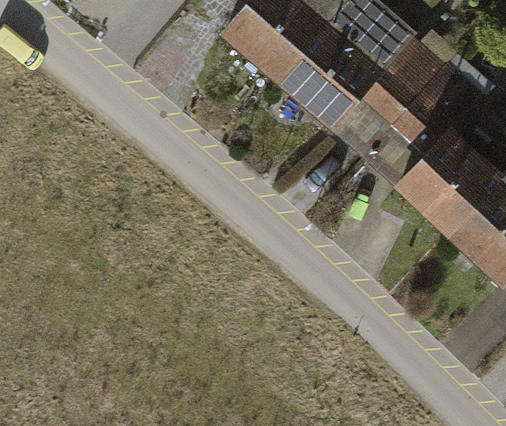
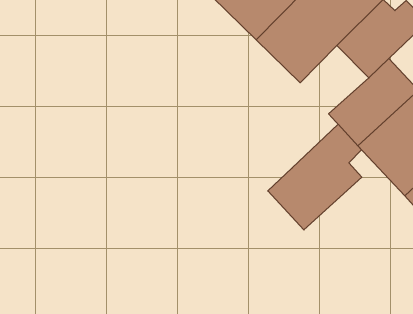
building: none -> [268,124,362,230]

